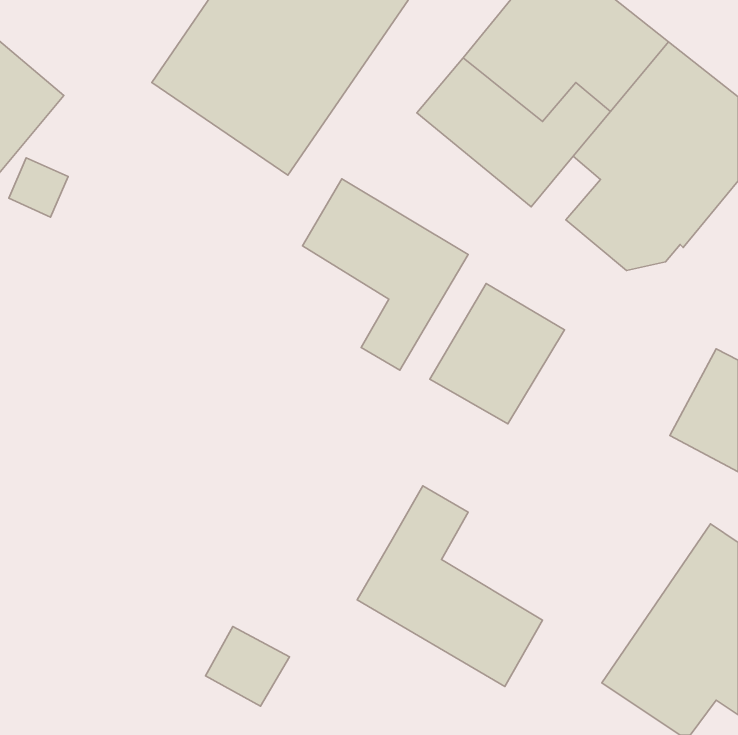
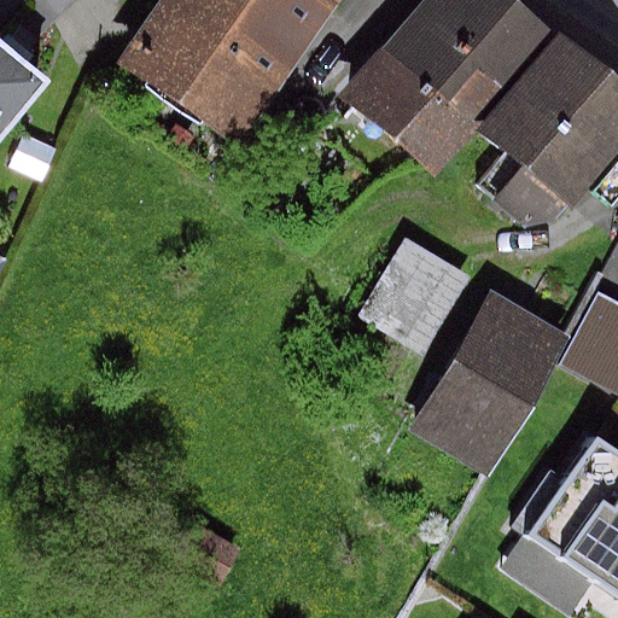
building: [303,179,468,370] -> none
building: none -> [415,279,577,465]
building: [357,486,543,686] -> none

